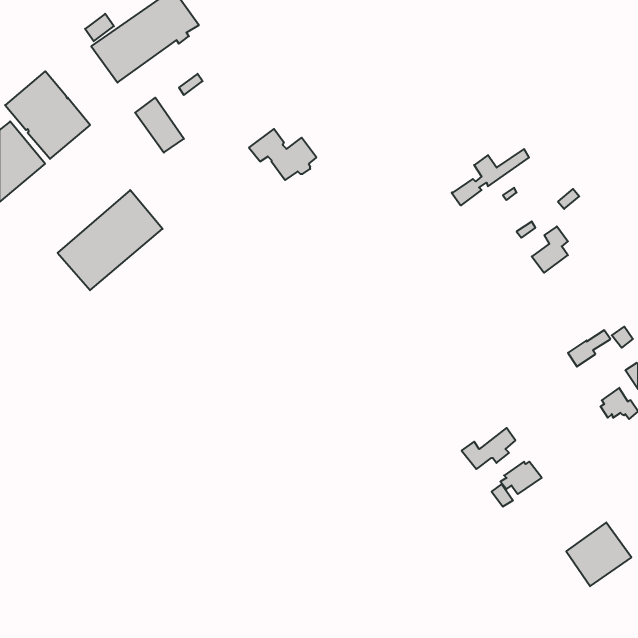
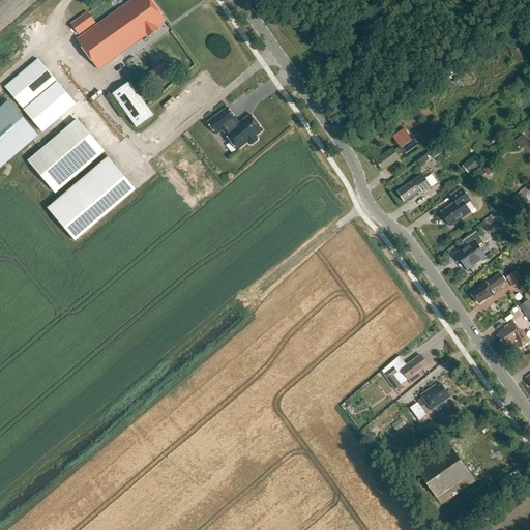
building: none -> [28,119,102,190]
building: none -> [396,174,432,201]
building: none -> [455,240,485,269]
building: [566,522,631,586] -> [416,445,470,498]

